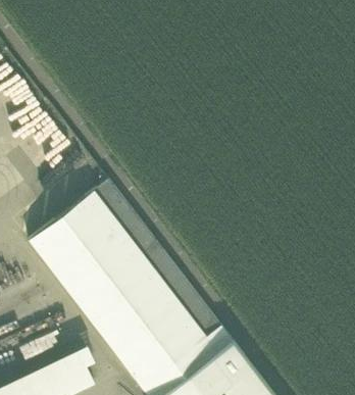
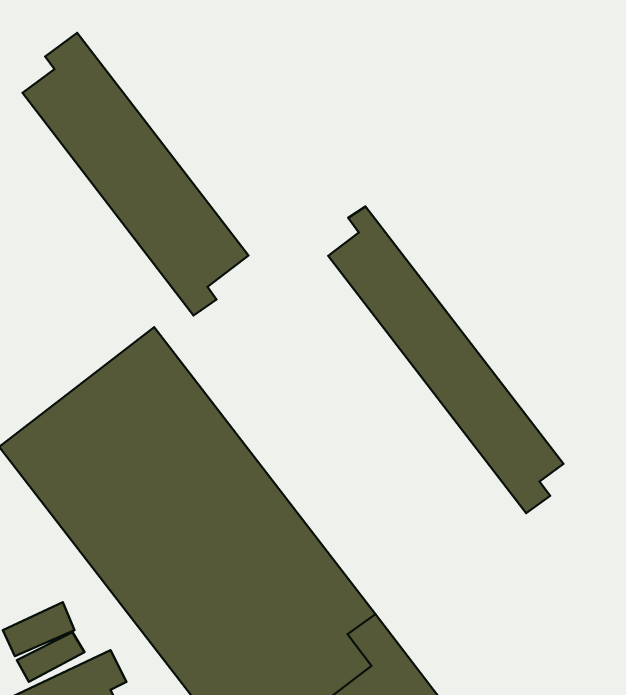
building: none -> [22,33,248,315]
building: none -> [328,206,564,513]

